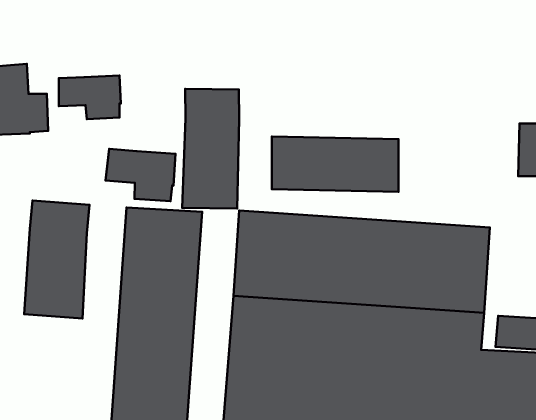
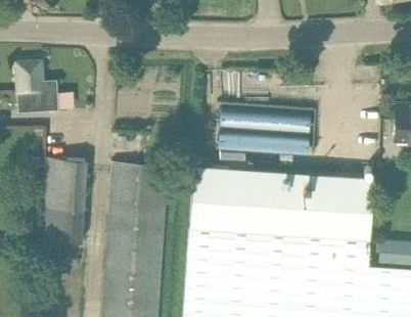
building: [59,76,121,119] -> none
building: [182,89,239,209] -> none
building: [106,149,176,201] -> none

